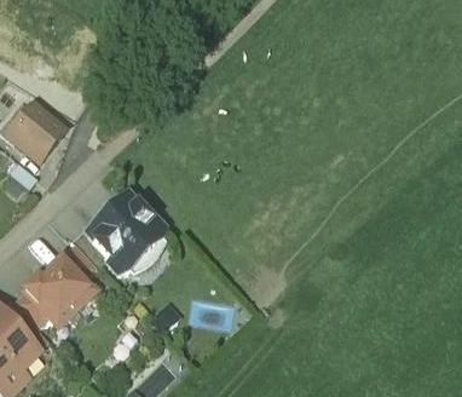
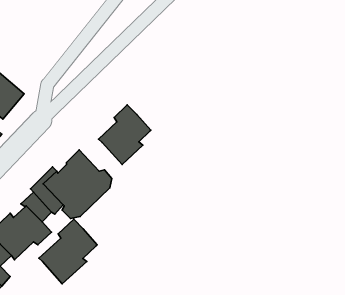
building: none -> [98,105,151,165]
building: none -> [39,219,97,284]

